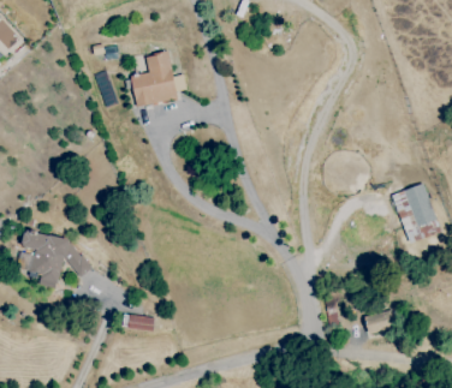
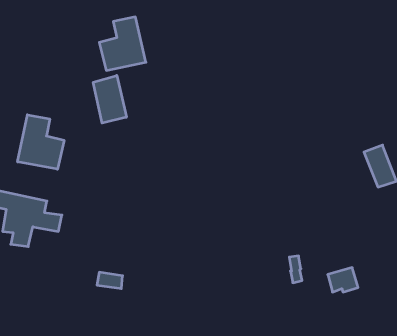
building: none -> [93,75,126,123]
building: none -> [18,115,64,169]

